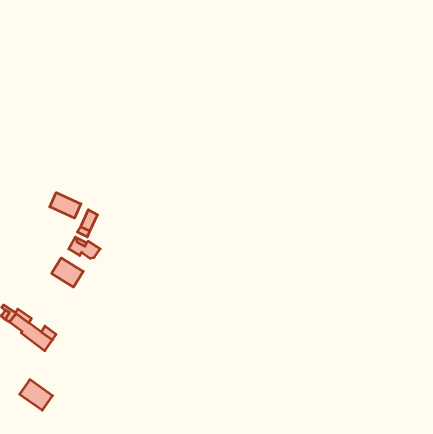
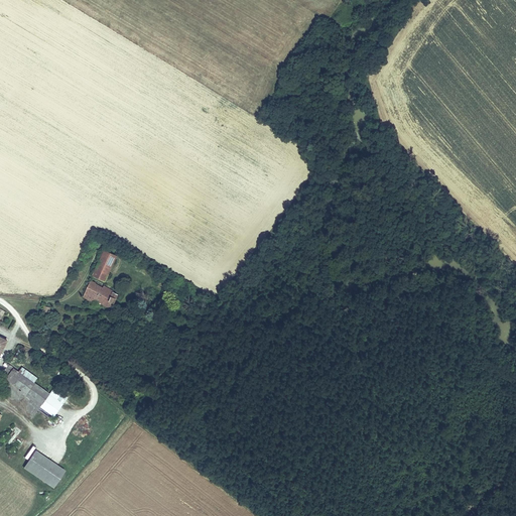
building: [50,193,81,218] -> none
building: [52,258,83,287] -> none

